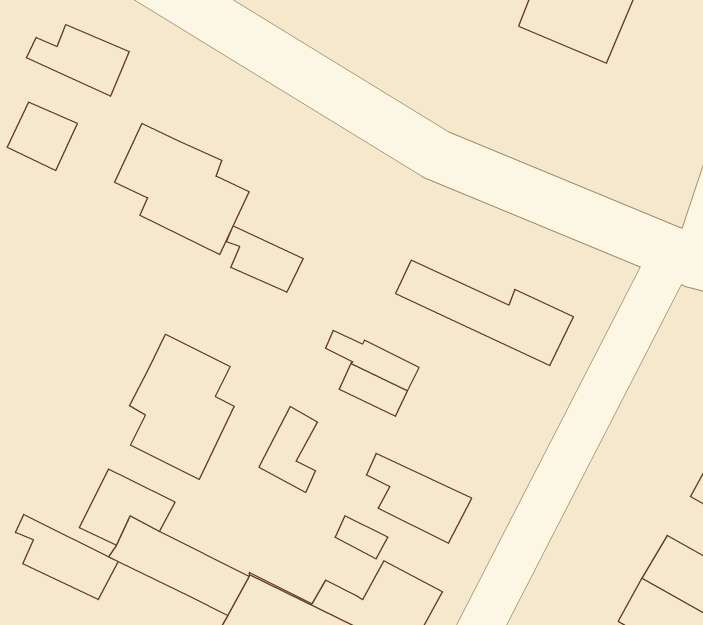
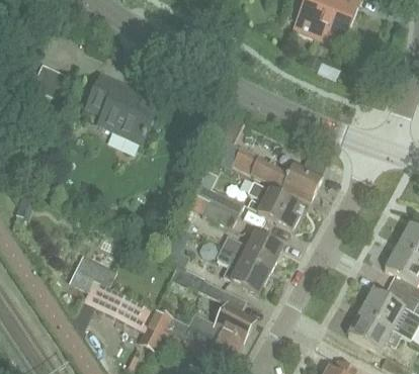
building: [27,25,129,96] -> none
building: [226,226,303,292] -> none
building: none -> [247,181,303,230]
building: [129,334,234,479] -> none
building: none -> [221,231,282,270]
building: [16,514,118,600] -> none

